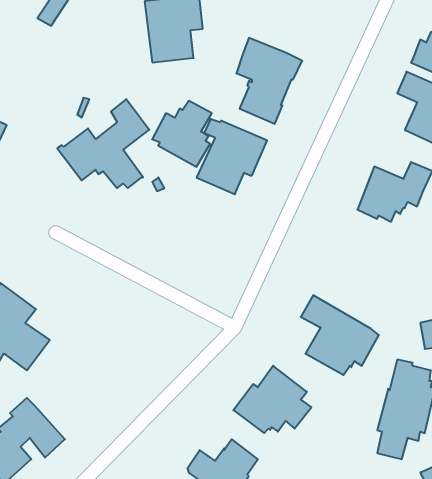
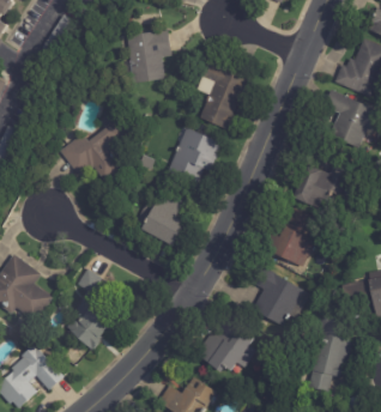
building: [152,101,212,167] -> [137,194,183,246]
building: none -> [261,207,322,266]
building: none -> [65,268,115,351]

